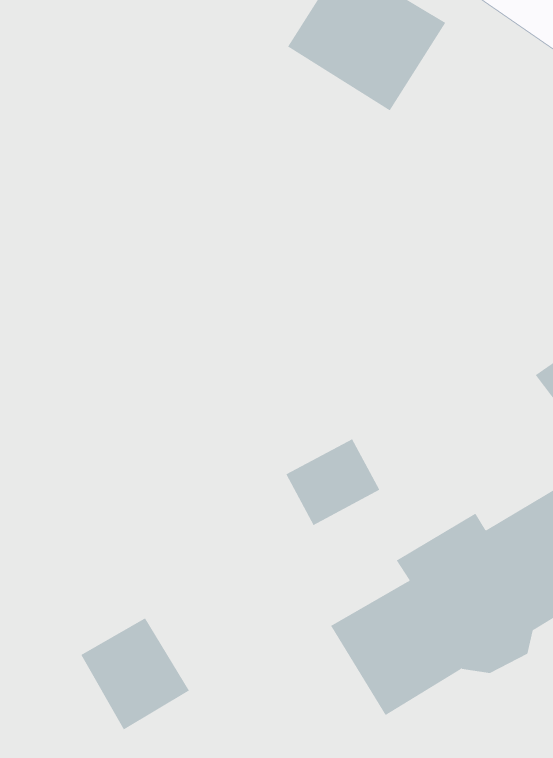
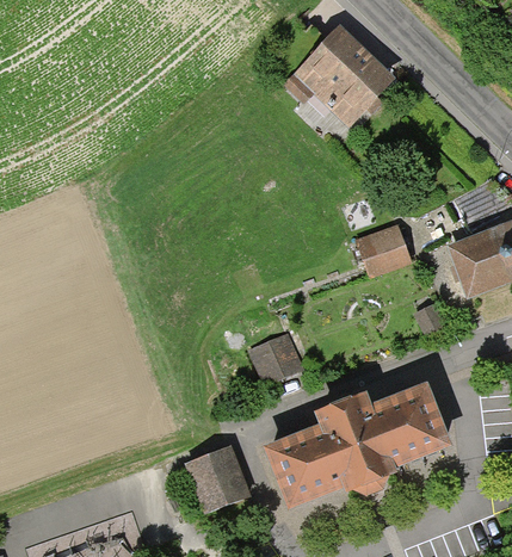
building: none -> [357,224,413,277]
building: [81,617,190,730] -> [185,444,251,513]

